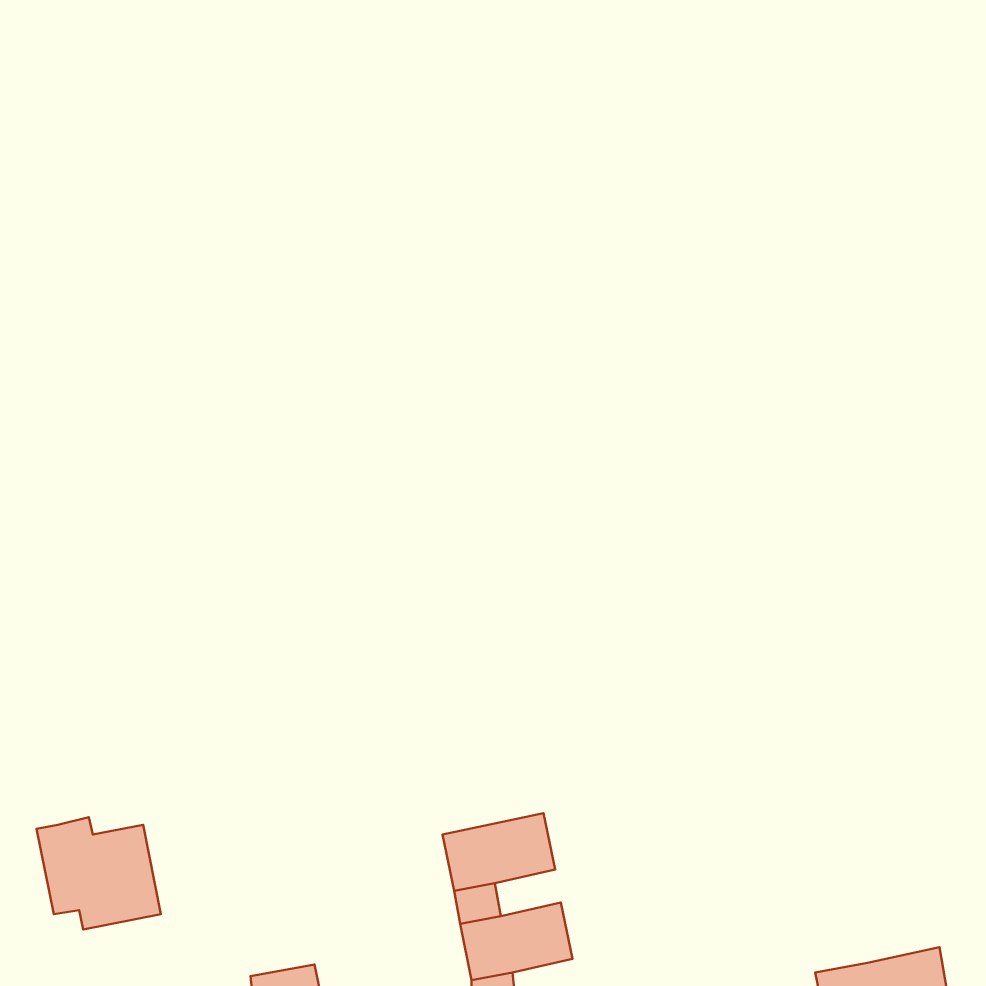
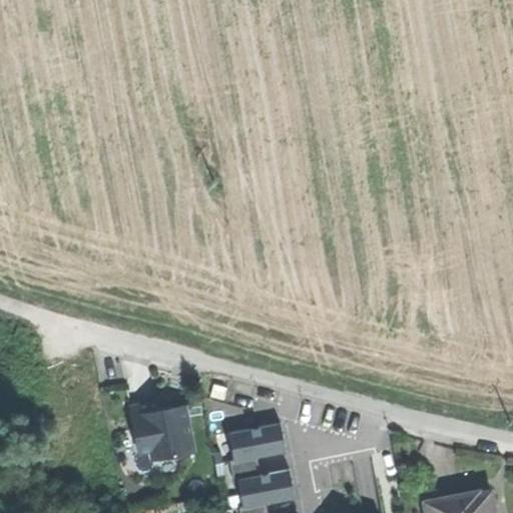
building: [37,817,161,930] -> [125,403,189,461]

